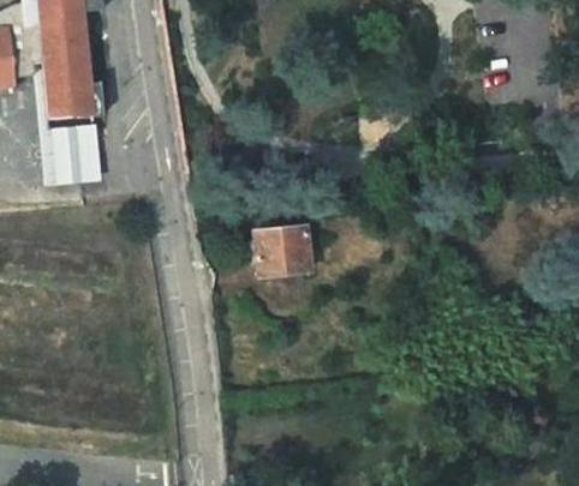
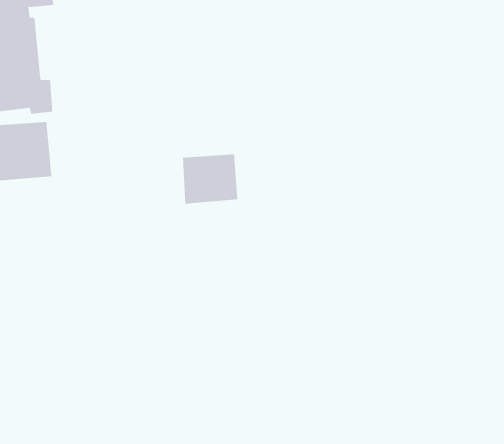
building: [261,236,317,287] -> [182,154,238,204]

